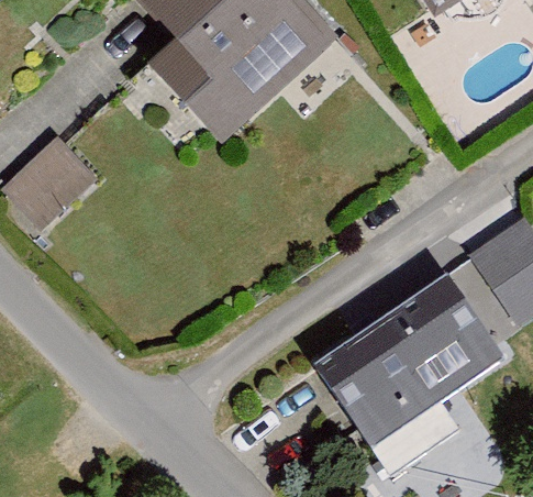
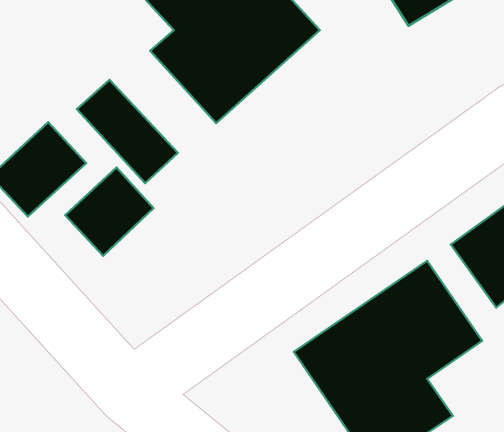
building: none -> [77,80,178,183]
building: none -> [65,168,153,256]

